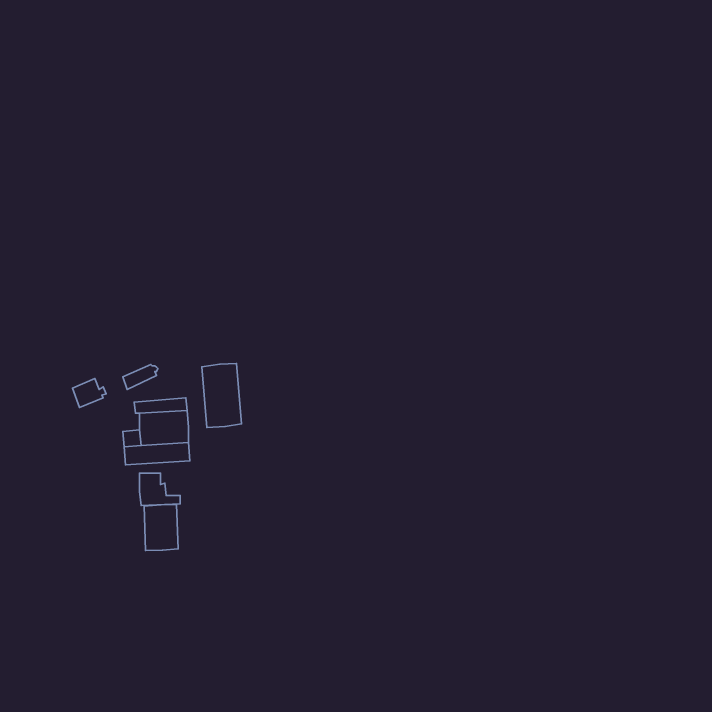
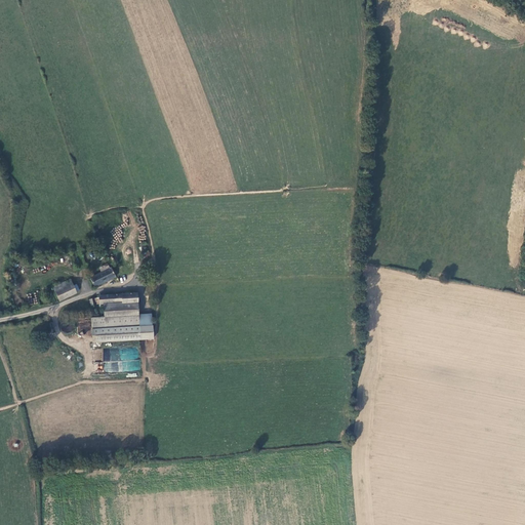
building: [202,363,242,427] -> none
building: [144,505,178,550] -> none

